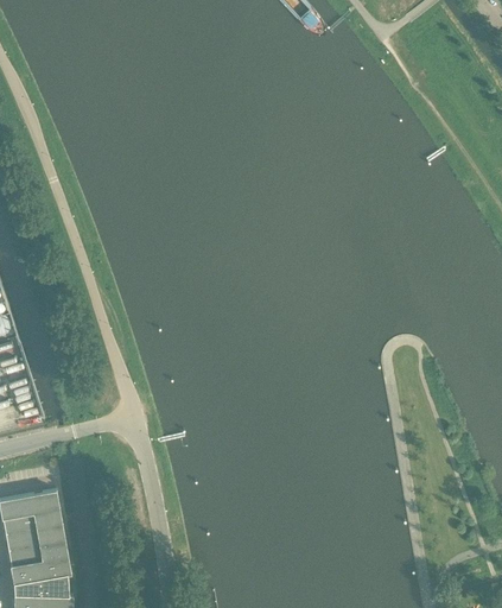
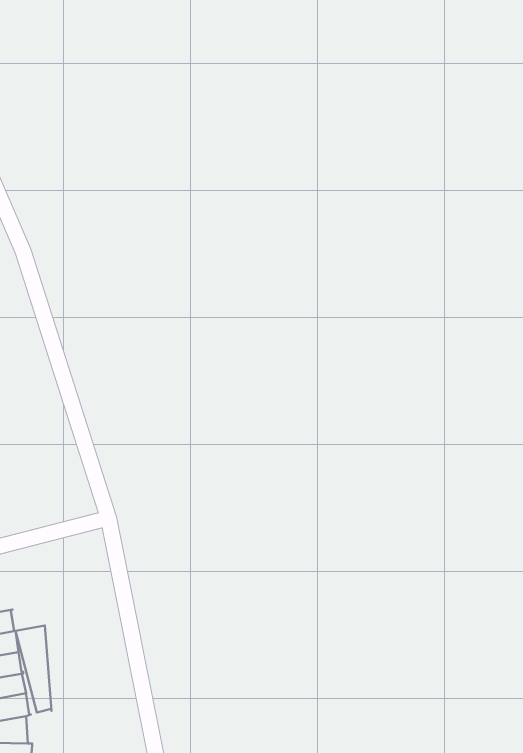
building: none -> [16,625,52,713]

